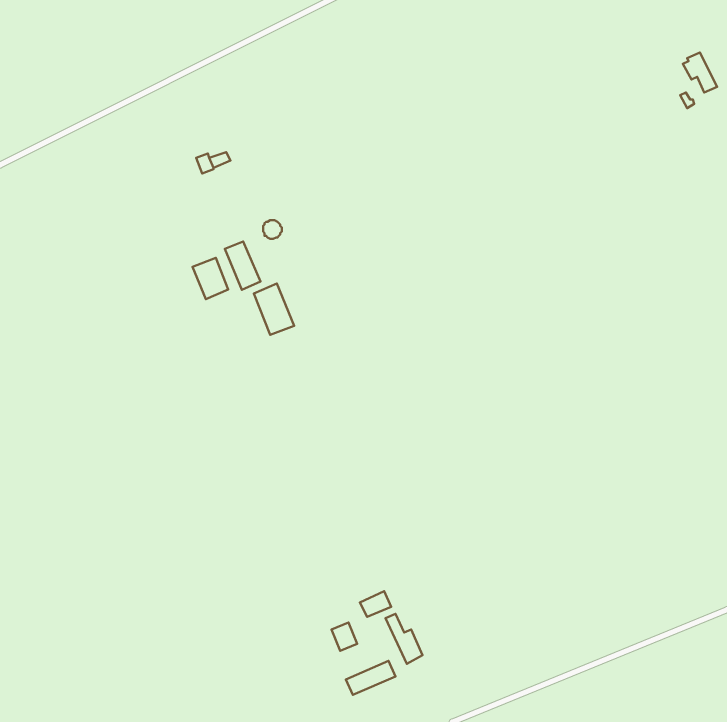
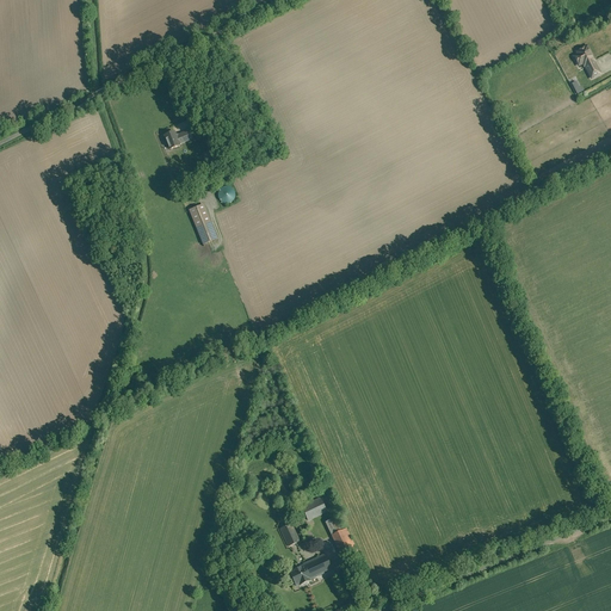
building: [192,258,228,299] -> none
building: [254,283,294,335] -> none

